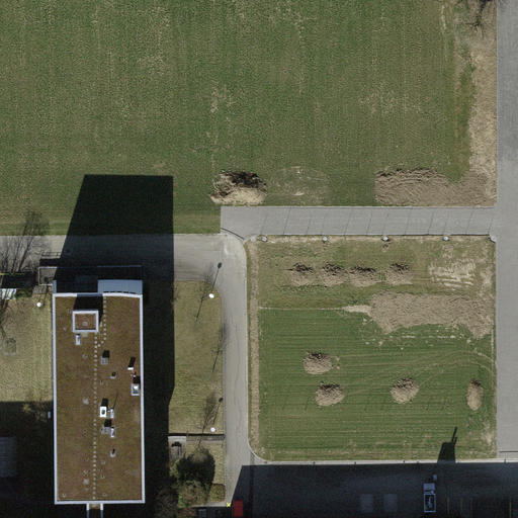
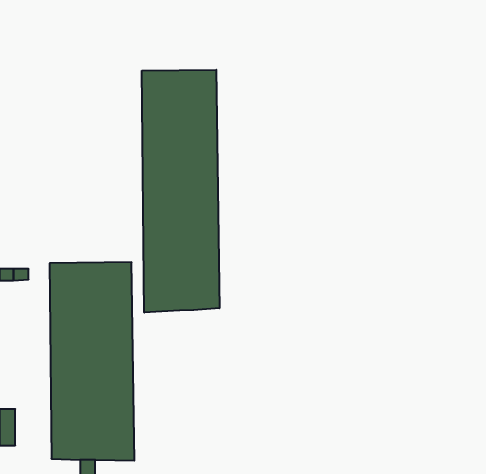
building: none -> [142,70,219,313]

